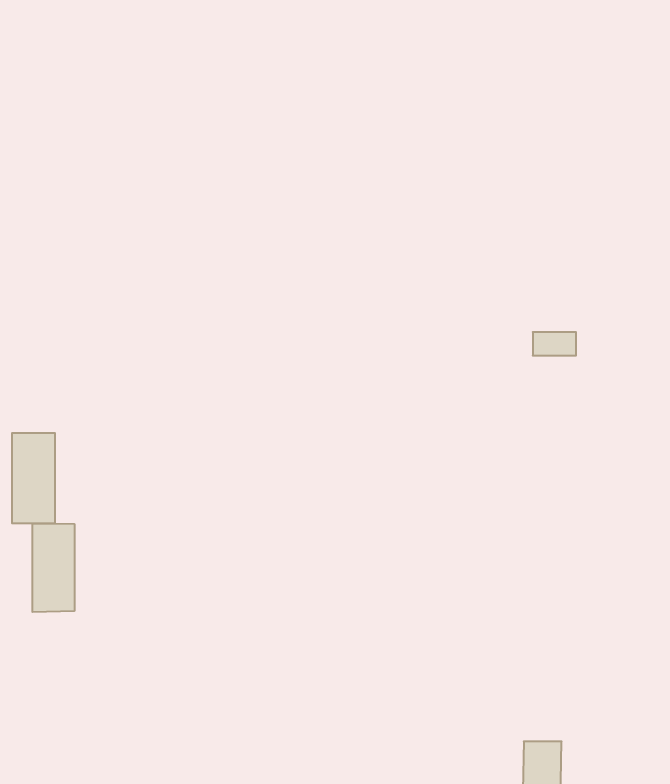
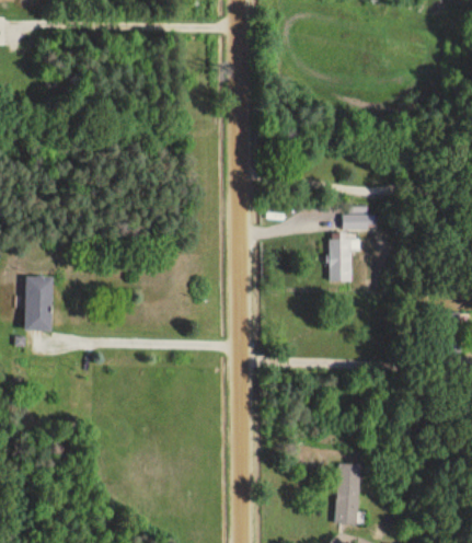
building: none -> [329,240,358,282]
building: [32,523,74,612] -> none

